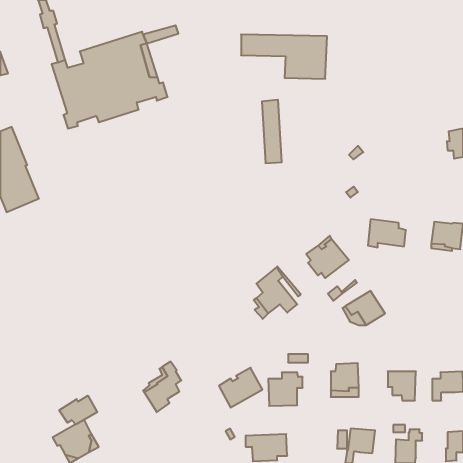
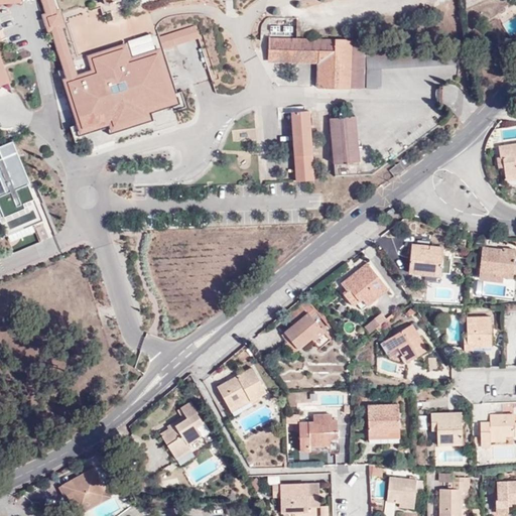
building: none -> [330,117,358,163]
building: none -> [465,316,491,350]
building: [219,368,262,408] -> [217,366,265,410]
building: [59,396,97,424] -> none

